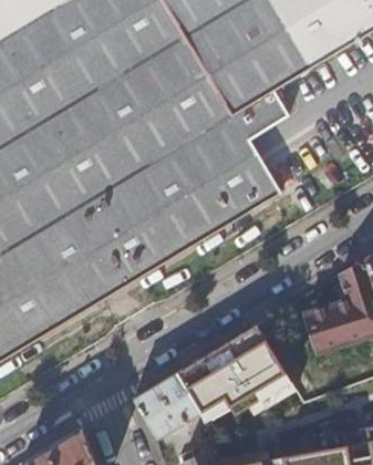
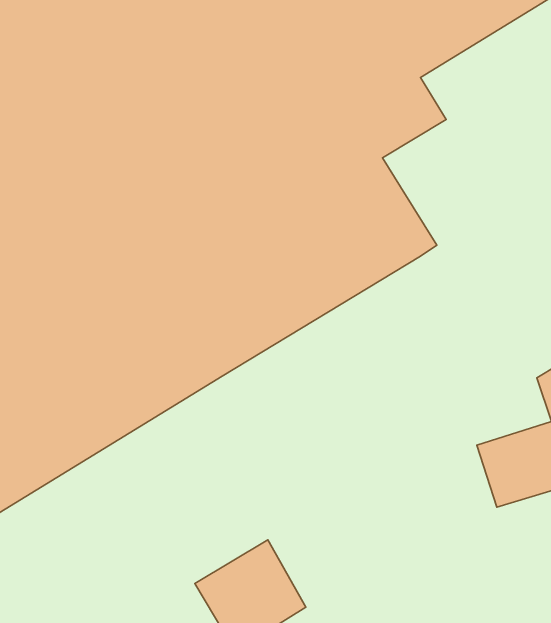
building: [177,323,289,412] -> none

